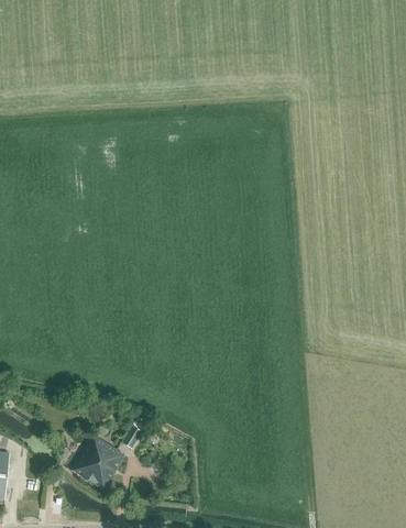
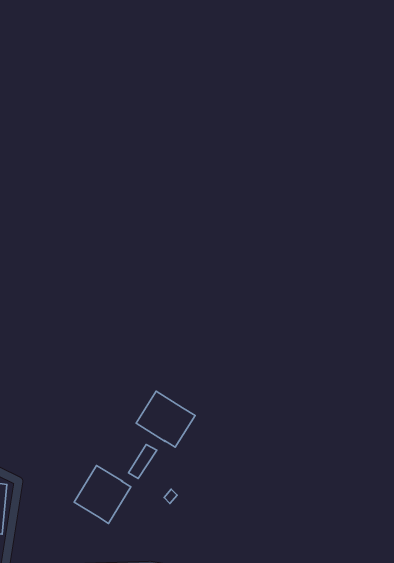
building: none -> [136,391,195,447]

